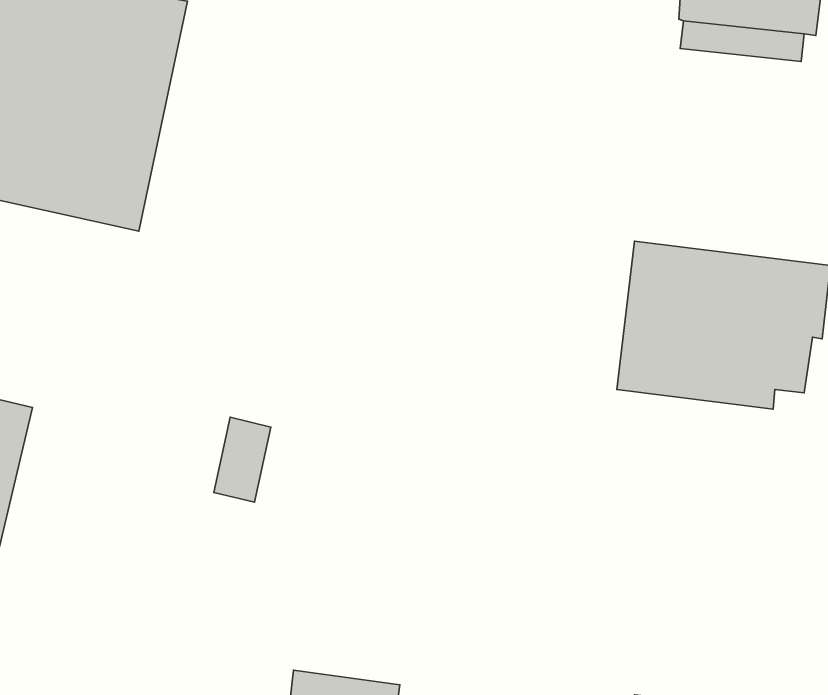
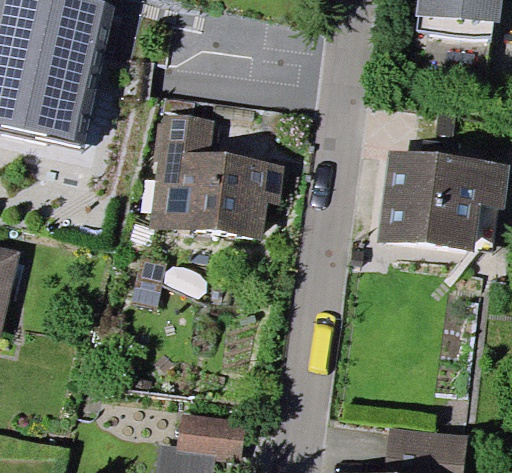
building: none -> [148,113,284,240]

